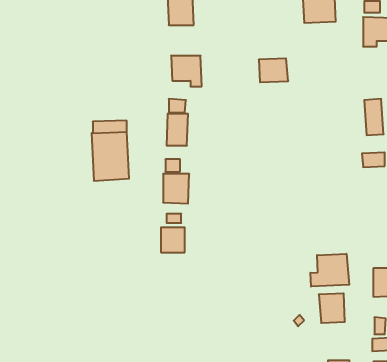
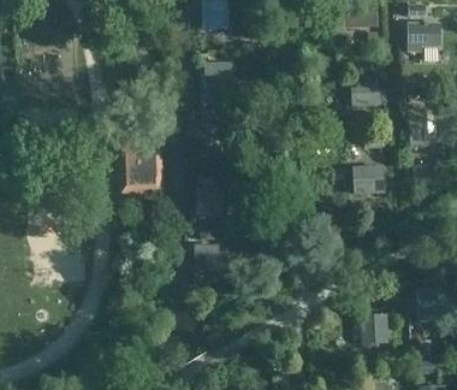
building: [259,58,288,82] -> [351,82,382,107]
building: none -> [352,165,385,195]
building: [310,254,349,287] -> none

